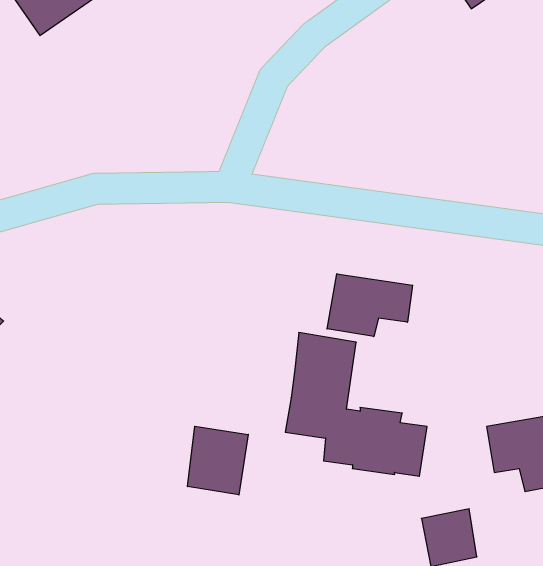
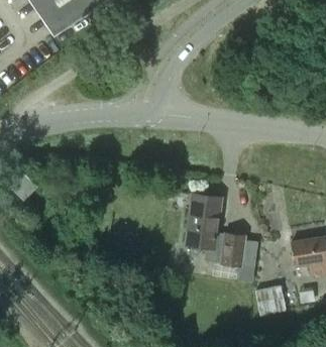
building: [327,274,413,337] -> none
building: [188,426,248,495] -> none

